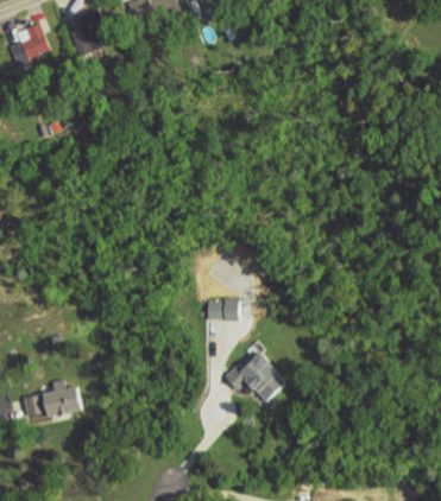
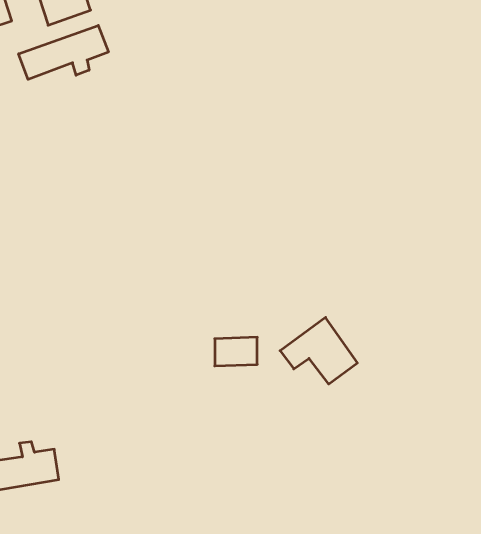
building: none -> [19,25,108,79]
building: [225,350,285,402] -> [280,317,357,384]

